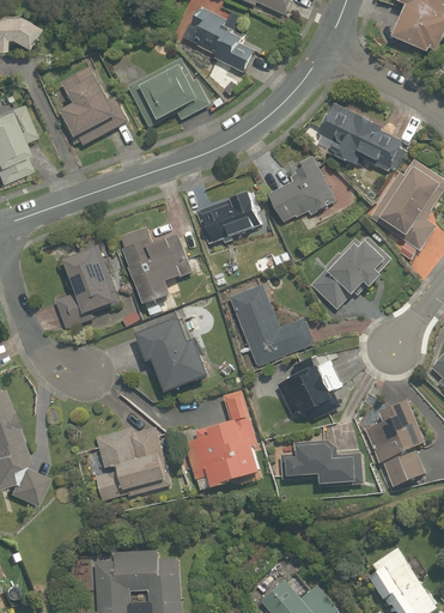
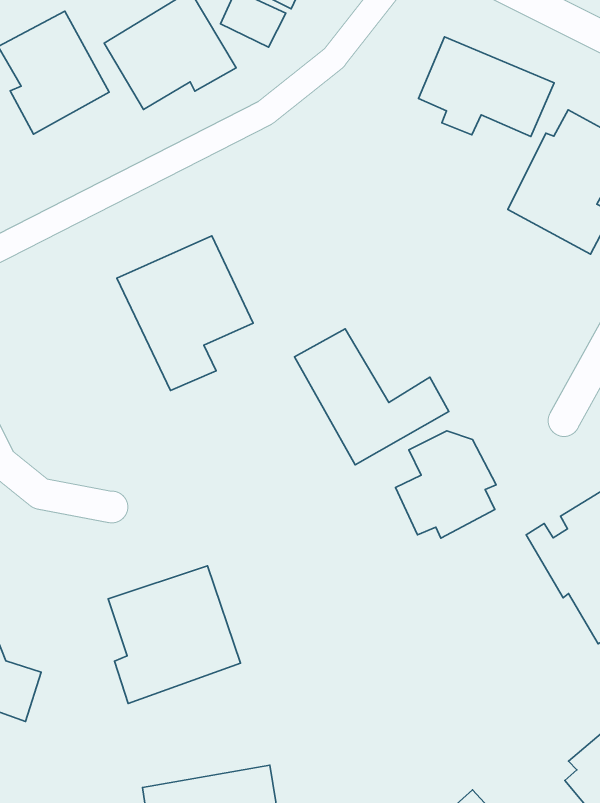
building: [269,154,335,225] -> none
building: [191,188,264,249] -> none
building: [305,227,393,314] -> none
building: [55,243,121,326] -> none
building: [138,318,211,393] -> none
building: [182,389,263,490] -> none
building: [278,441,361,486] -> none

